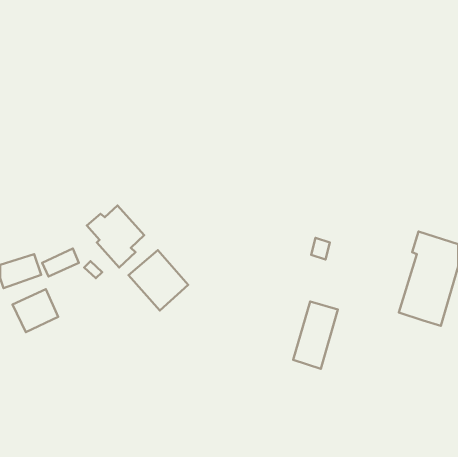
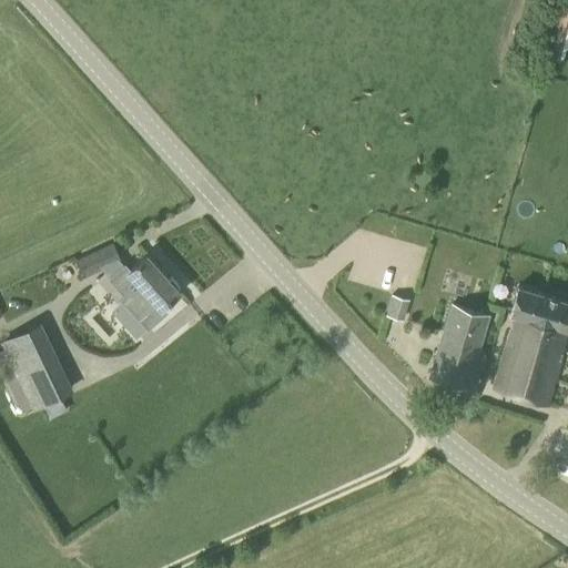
building: [42,249,79,276] -> [75,245,121,280]
building: [128,250,188,311] -> none
building: [293,301,338,369] -> [430,307,486,390]

